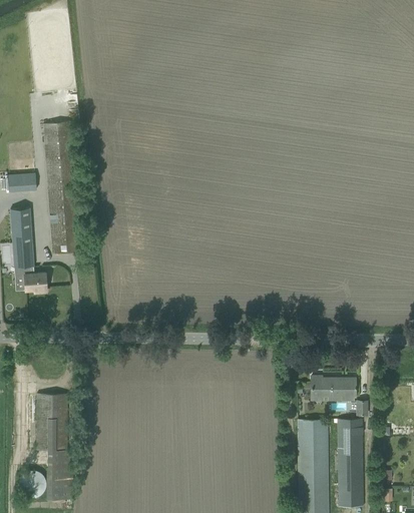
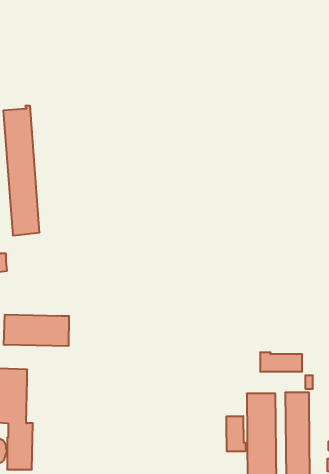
building: none -> [4,315,69,346]
building: none -> [227,416,245,452]

